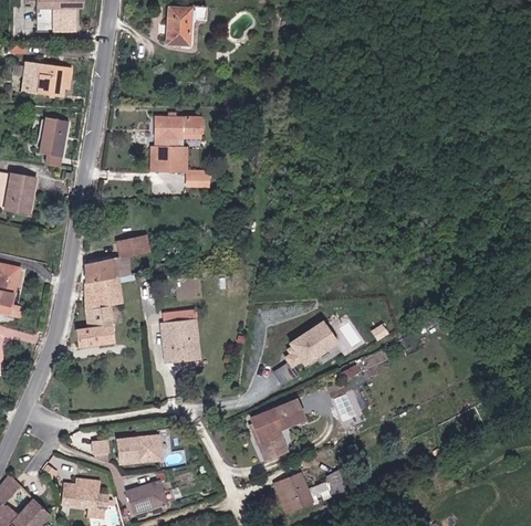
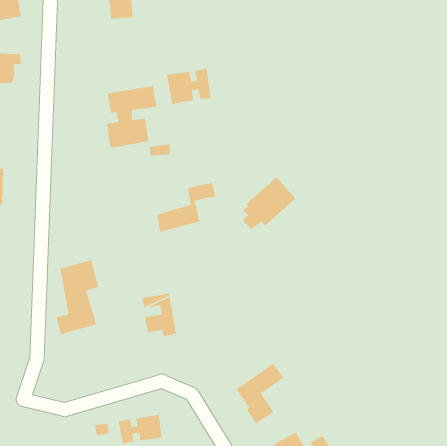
building: none -> [166,68,211,105]
building: [46,117,73,152] -> none
building: [84,239,145,282] -> [157,182,216,233]
building: [283,319,340,369] -> [242,176,296,230]

